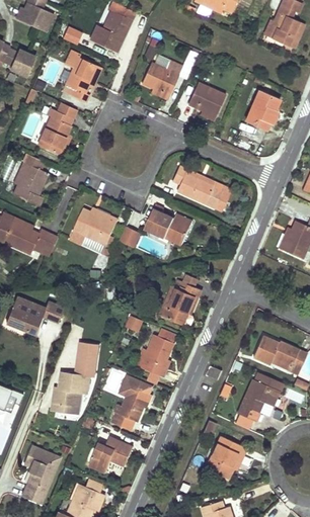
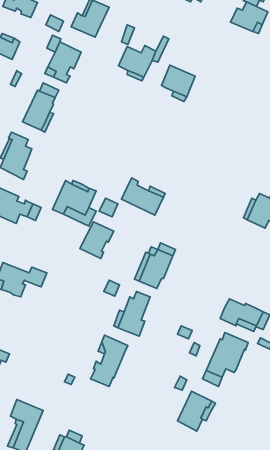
building: [245,90,280,131] -> none
building: [172,165,230,212] -> none
building: none -> [80,222,114,259]
building: [52,352,91,413] -> none
building: [89,437,133,472] -> none

